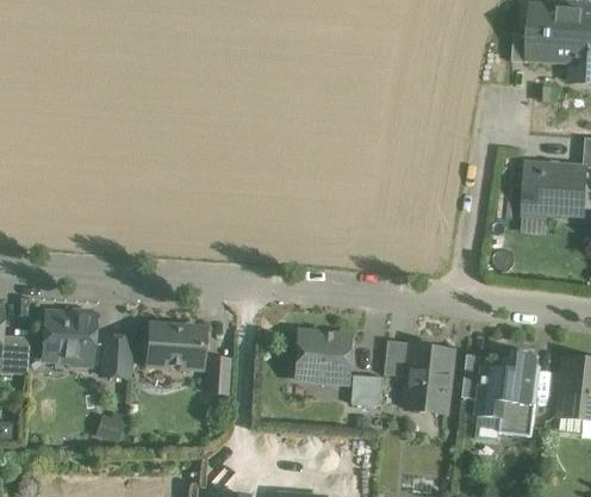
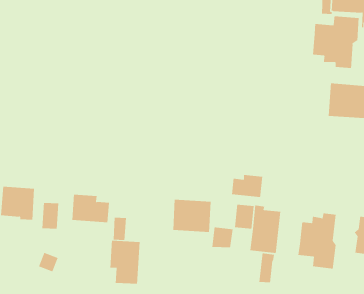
building: none -> [312,15,359,69]
building: none -> [232,174,263,198]
building: [462,354,486,398] -> [259,253,275,283]
building: none -> [110,240,140,285]

